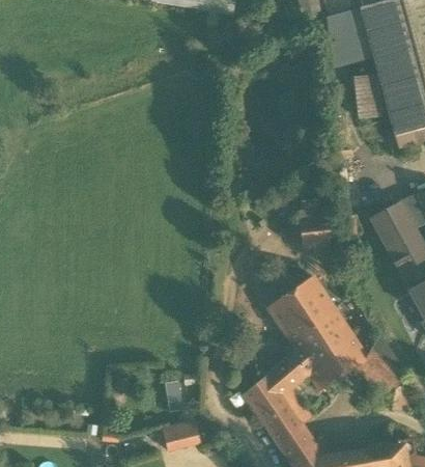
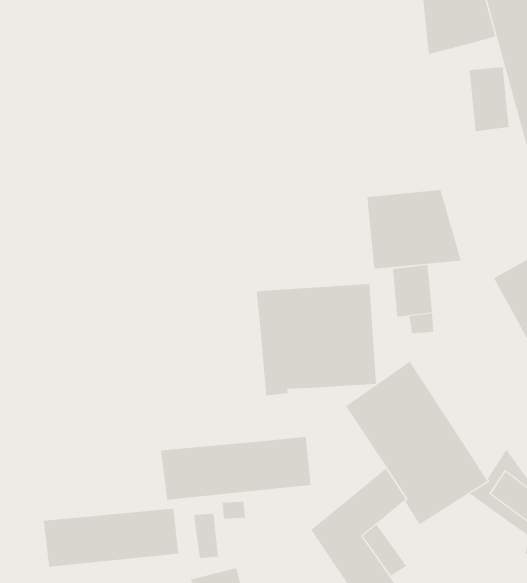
building: none -> [367,189,462,270]
building: none -> [256,283,376,396]
building: none -> [161,436,311,501]
building: none -> [43,508,179,567]

